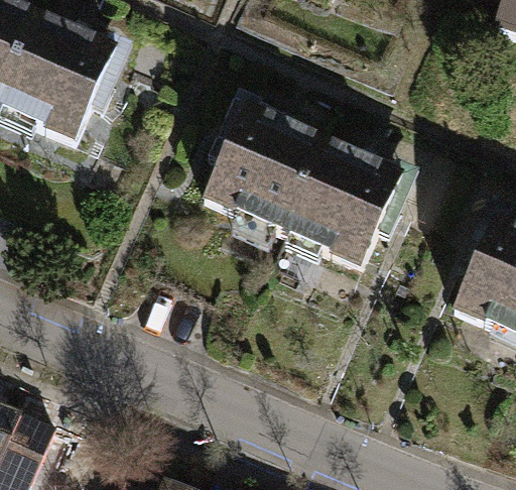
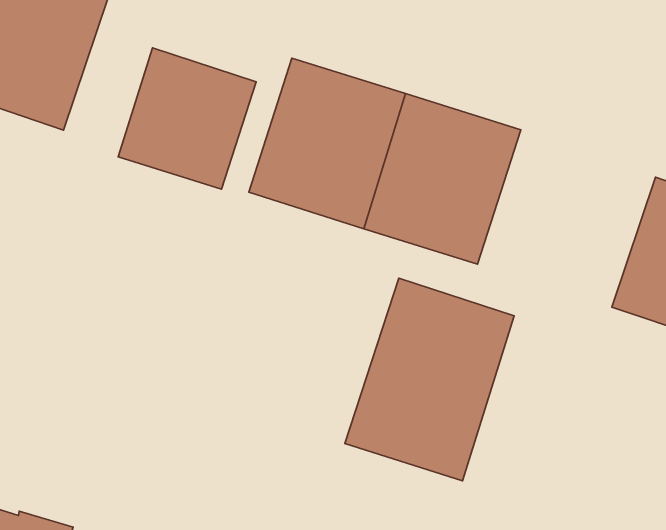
building: none -> [118,48,256,189]
building: none -> [345,278,514,481]

